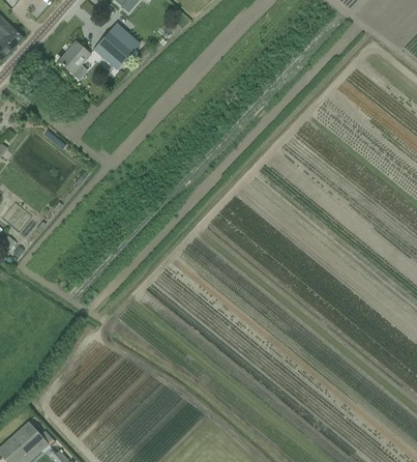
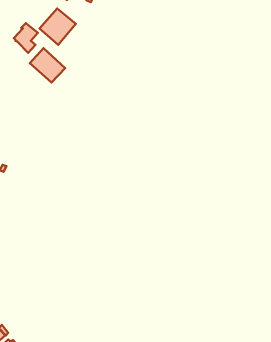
building: none -> [30,48,65,82]

